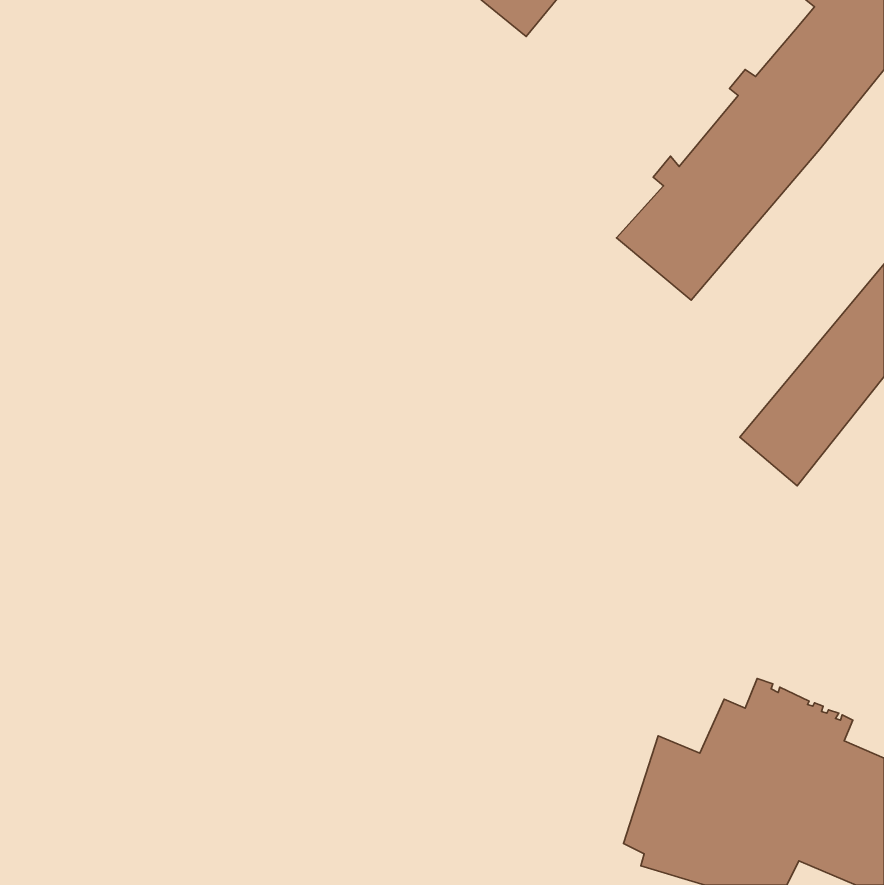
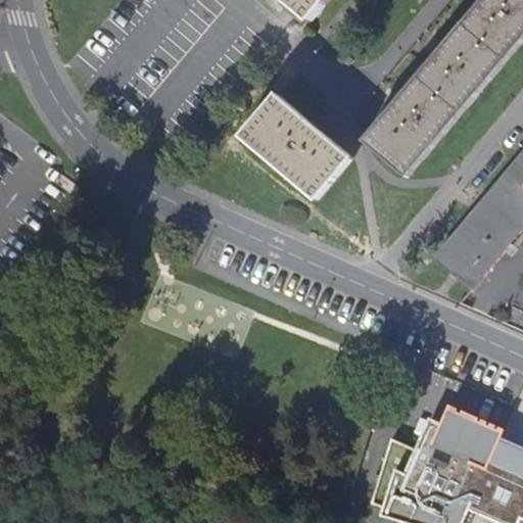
building: none -> [240,94,351,201]

